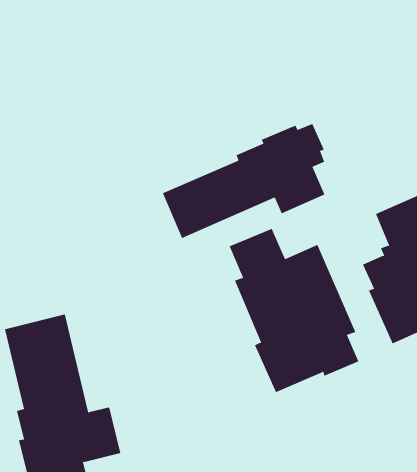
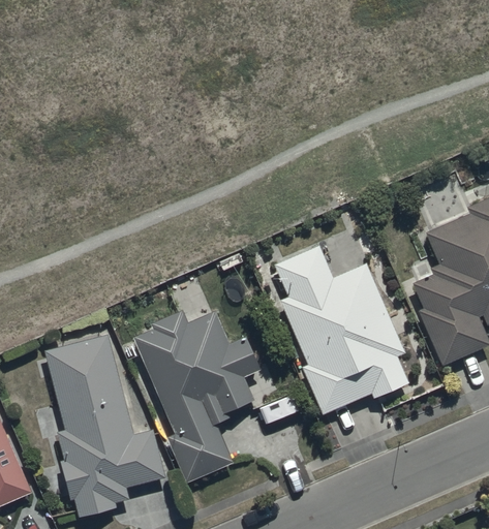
building: [162,123,325,239] -> none
building: none -> [133,310,259,483]

